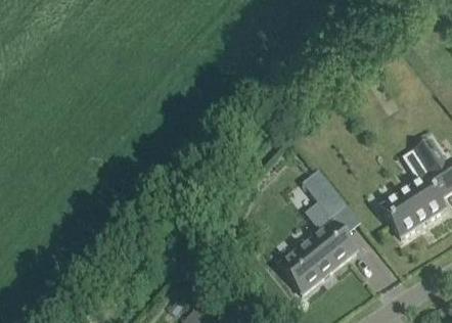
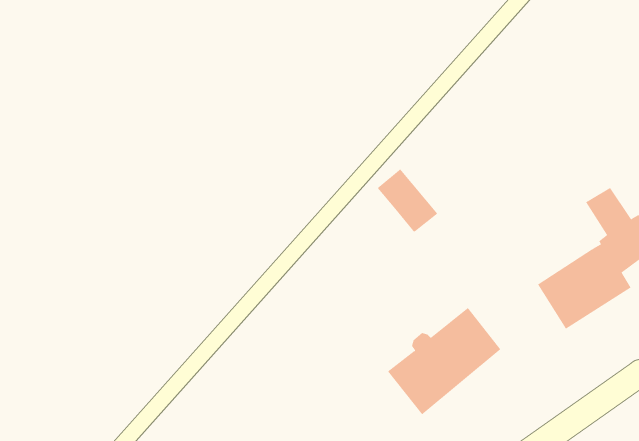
building: [304,173,346,217] -> [377,169,438,233]

